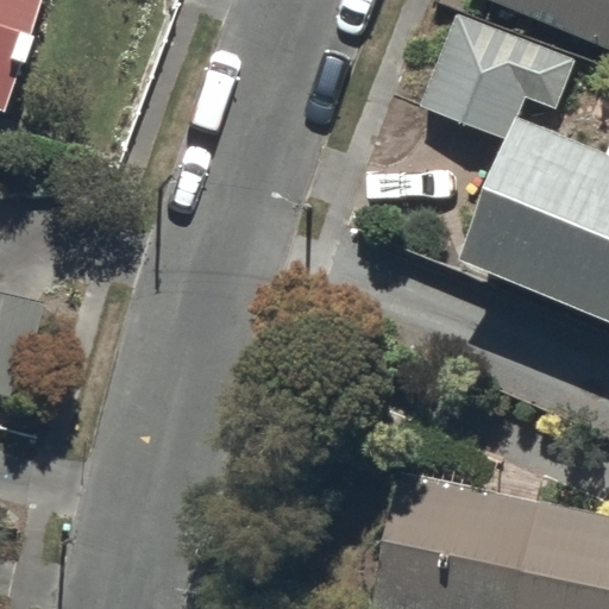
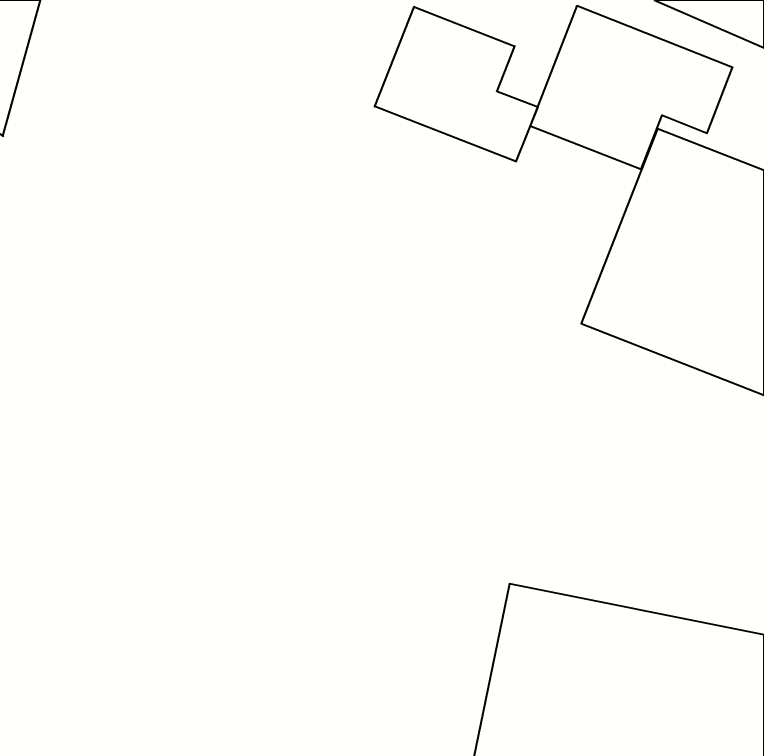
building: none -> [375,7,538,162]

